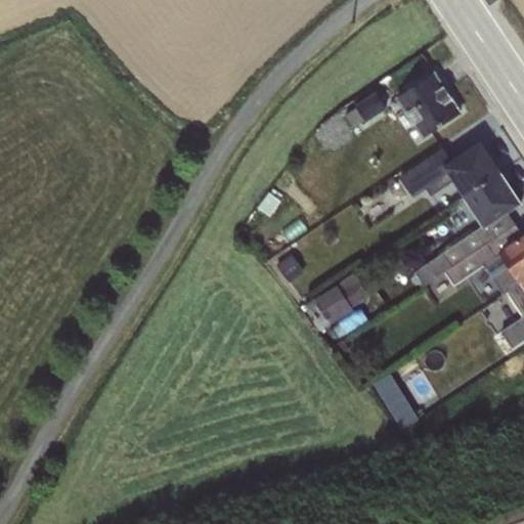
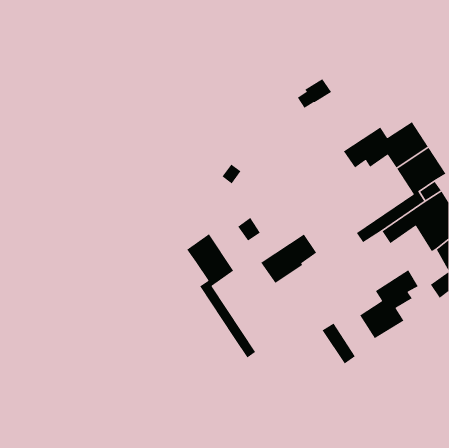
building: [395,73,460,137] -> none
building: none -> [186,233,256,358]
building: none -> [359,269,419,339]

